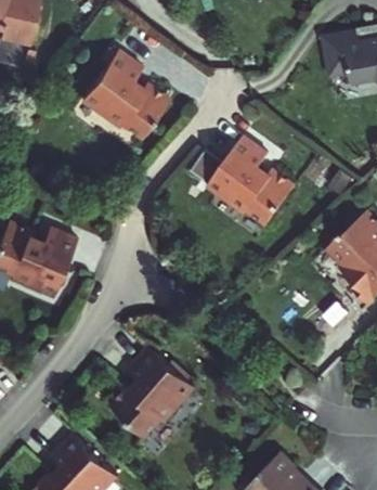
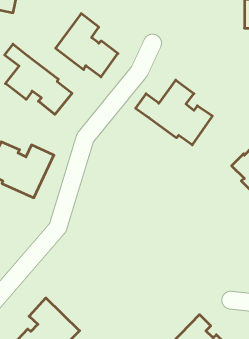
building: none -> [5,44,72,114]
building: [108,344,192,429] -> none

